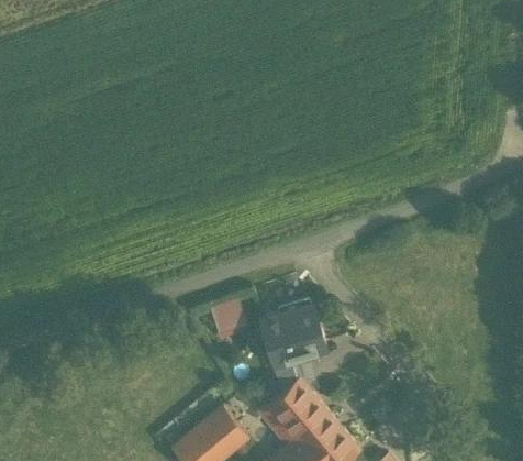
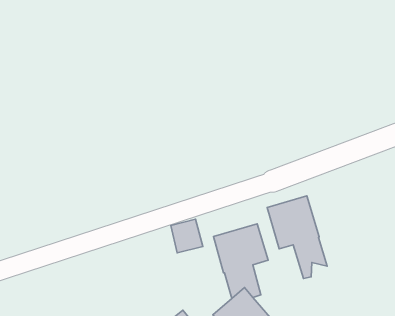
building: none -> [267,196,327,279]

